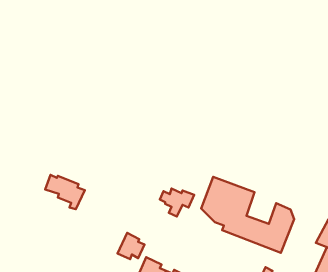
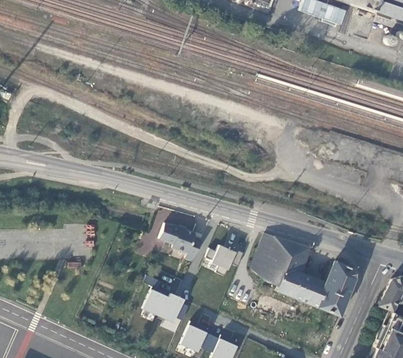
building: [45,175,85,209] -> [159,221,203,259]
building: none -> [142,275,169,316]

